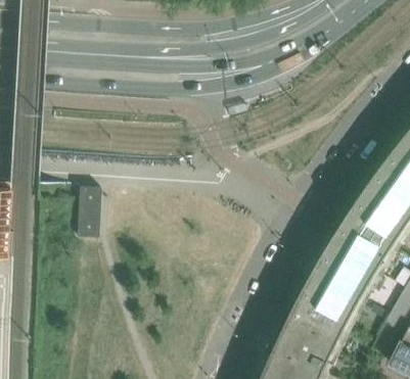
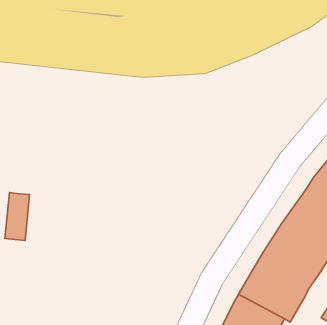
building: [76,189,99,239] -> [5,192,30,241]

